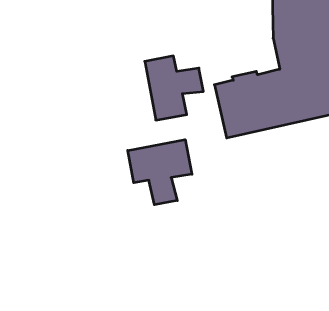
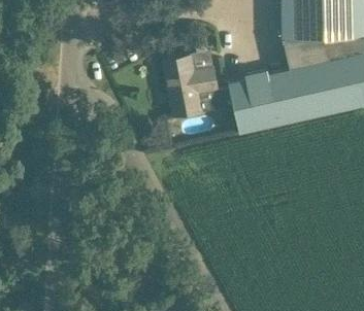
building: [128,140,192,205] -> none

